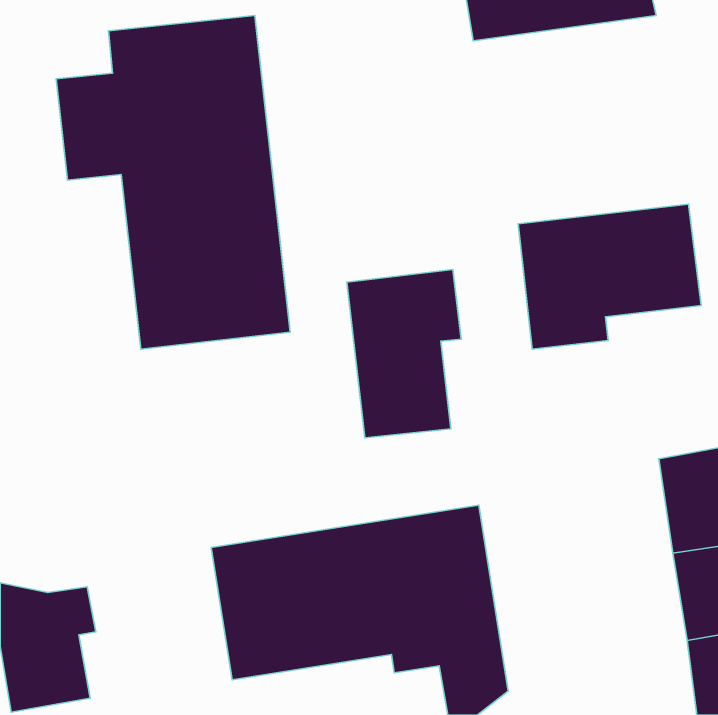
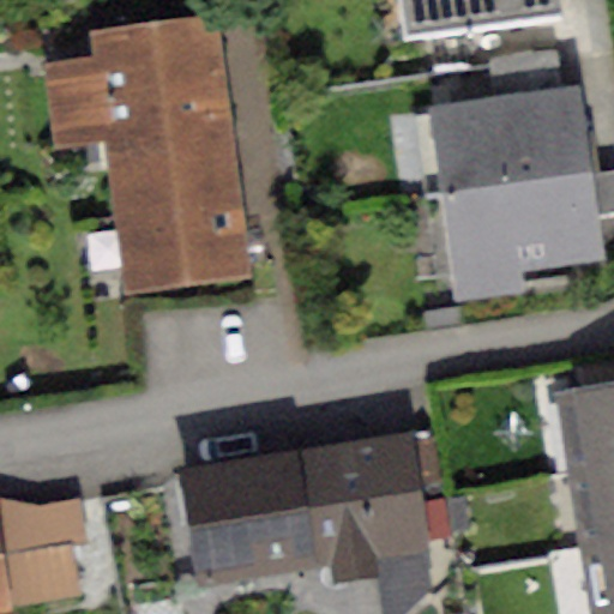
building: none -> [431,88,588,191]
building: [347,270,461,438] -> none

